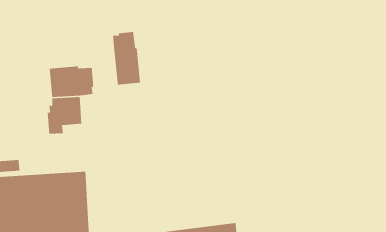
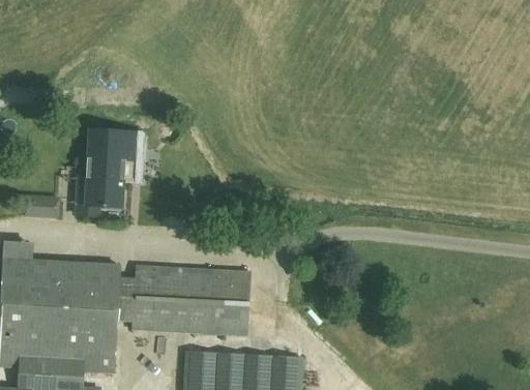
building: [112,31,141,85] -> none
building: none -> [23,198,58,217]
building: none -> [131,267,249,338]

